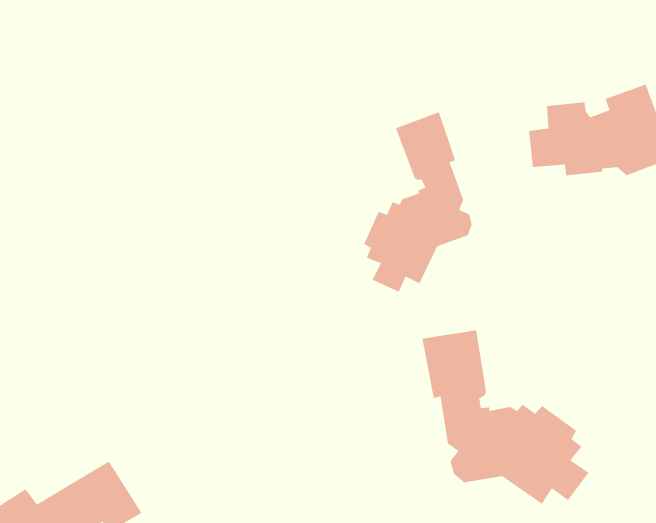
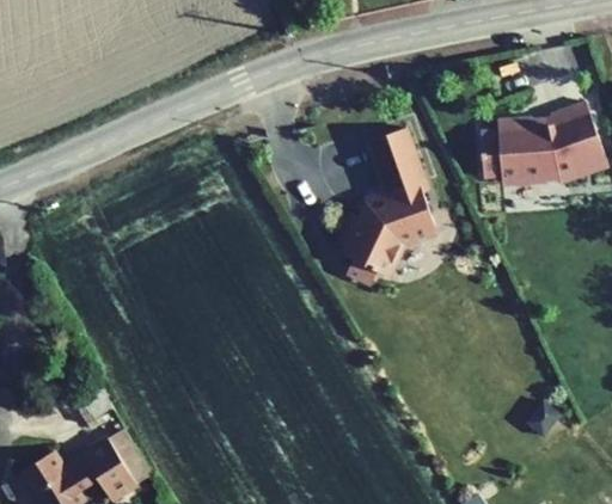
building: [421,330,590,505] -> none

